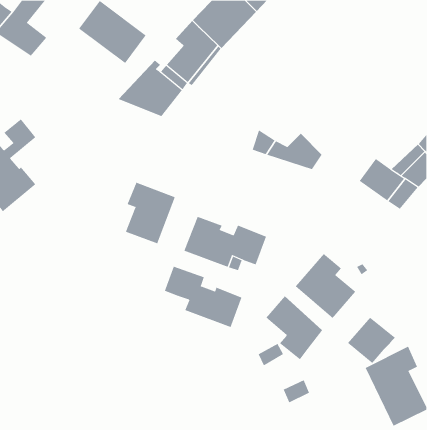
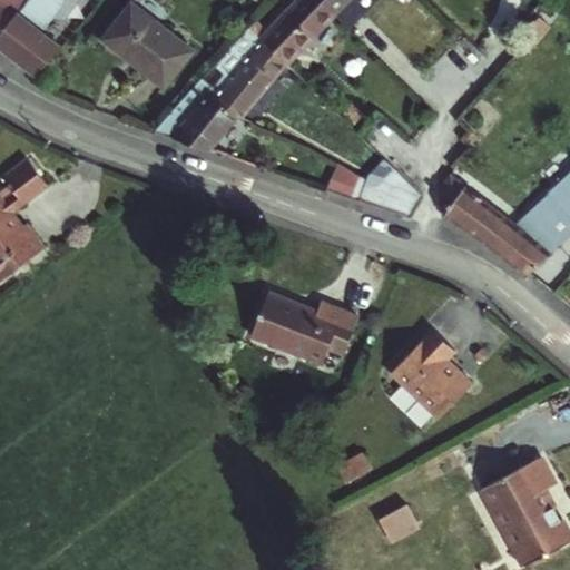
building: none -> [444,180,497,239]
building: [125,182,176,244] -> none
building: [164,266,242,328] -> none
building: [265,295,323,360] -> none
building: [347,317,396,364] -> none

